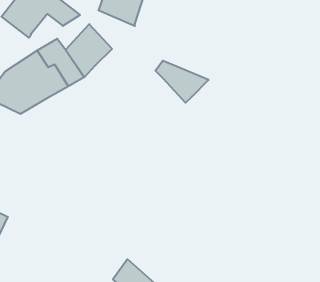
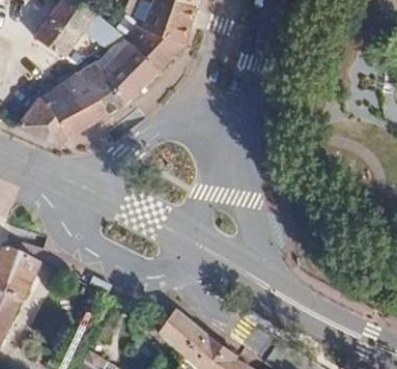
building: [155,61,209,103] -> [124,24,185,72]

